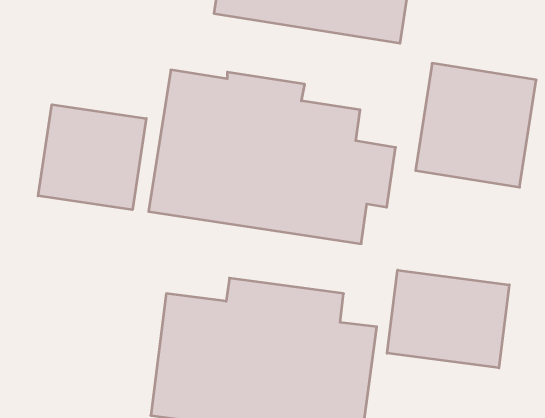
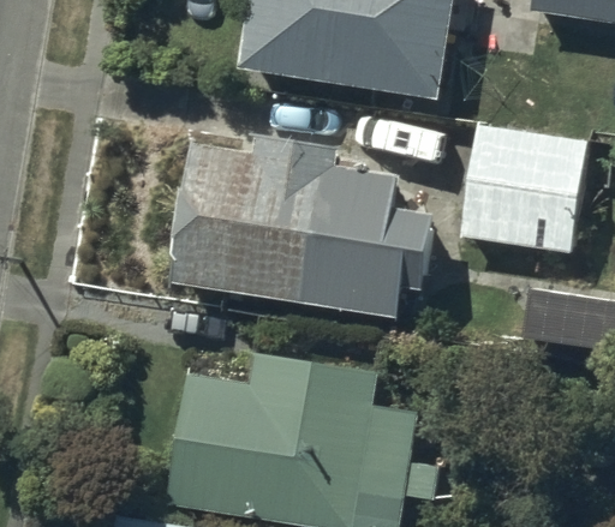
building: [38,105,146,210] -> none
building: [387,270,509,368] -> none

